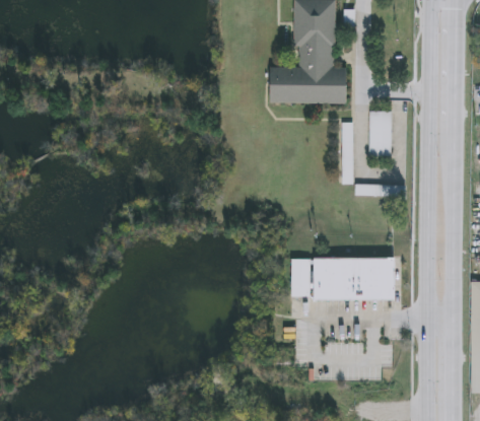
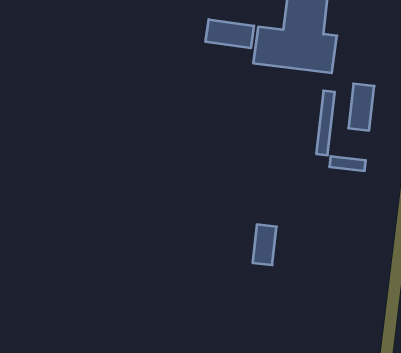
building: none -> [206,19,254,48]
building: [314,258,396,299] -> none

